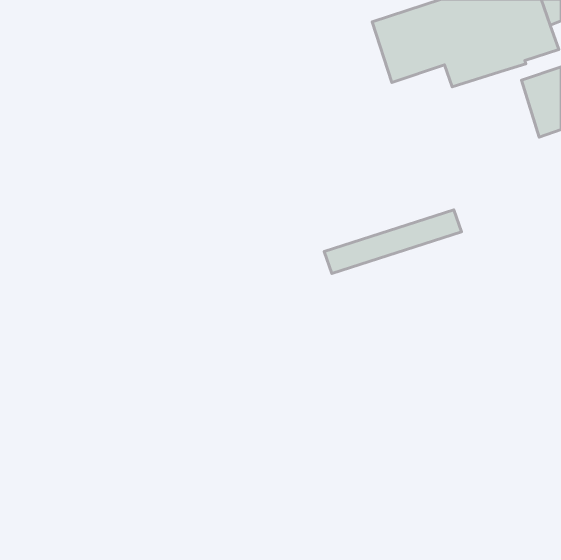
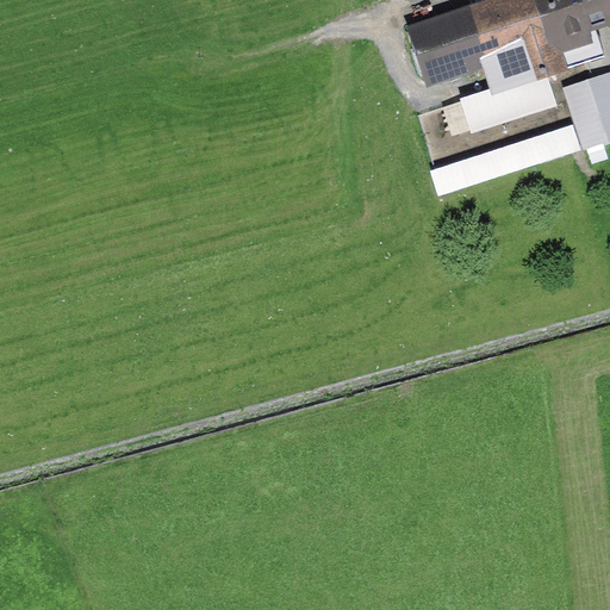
building: none -> [462,76,556,132]
building: [324,210,461,274] -> [431,125,580,194]

